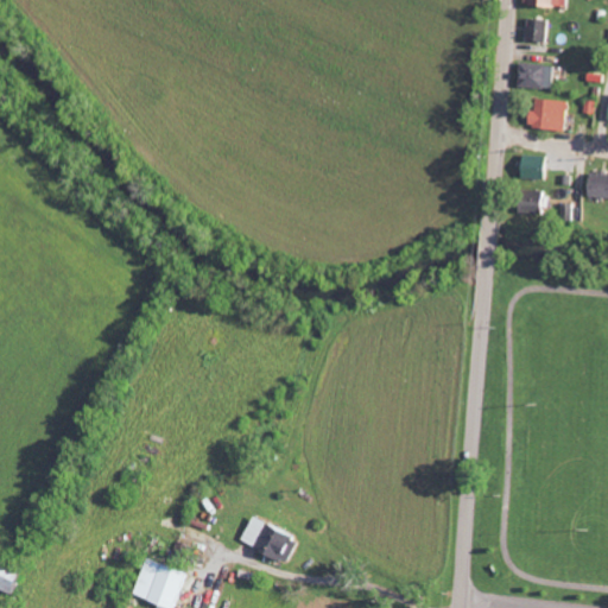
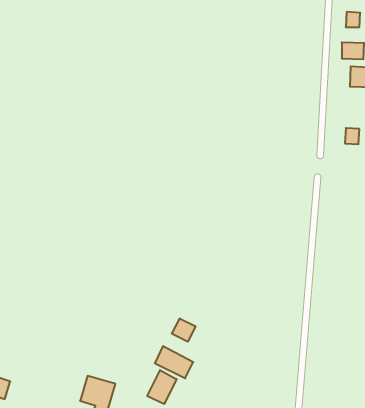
building: [519,156,546,180] -> none
building: none -> [172,318,195,342]
building: none -> [147,370,177,404]

